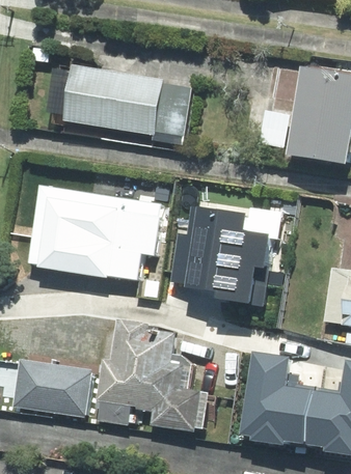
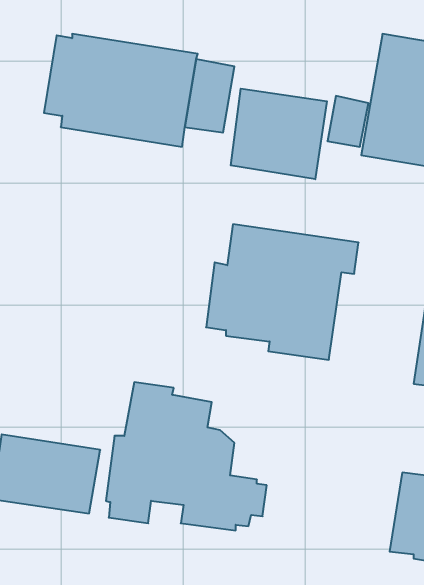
building: none -> [231,89,327,179]
building: [28,186,164,280] -> none
building: [239,352,315,445] -> none

